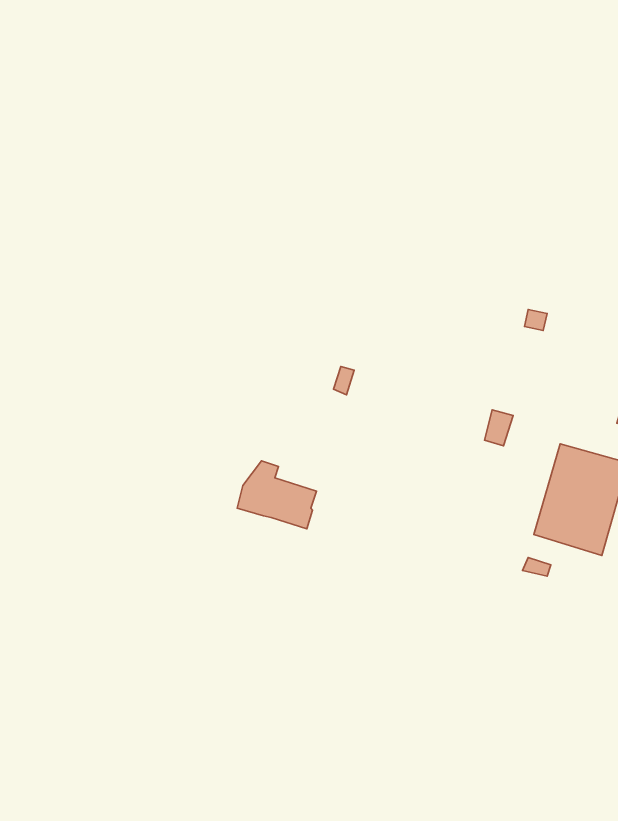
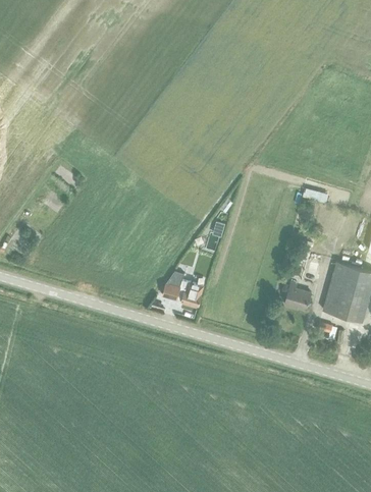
building: none -> [283,284,310,311]

